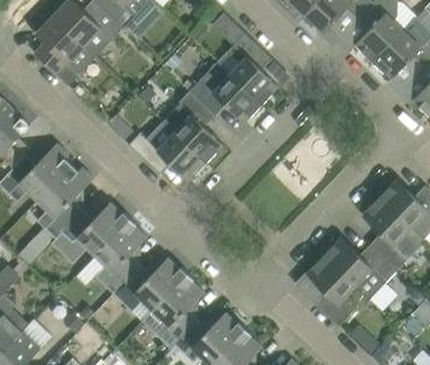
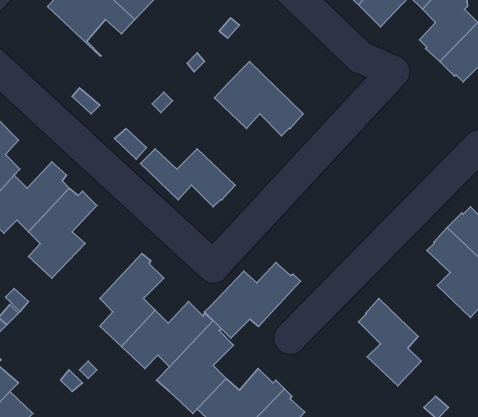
building: [36,17,95,85] -> none
building: [217,33,277,104] -> none
building: [162,91,222,162] -> none
building: [51,203,129,264] -> [205,262,301,338]
building: [322,238,397,300] -> none

